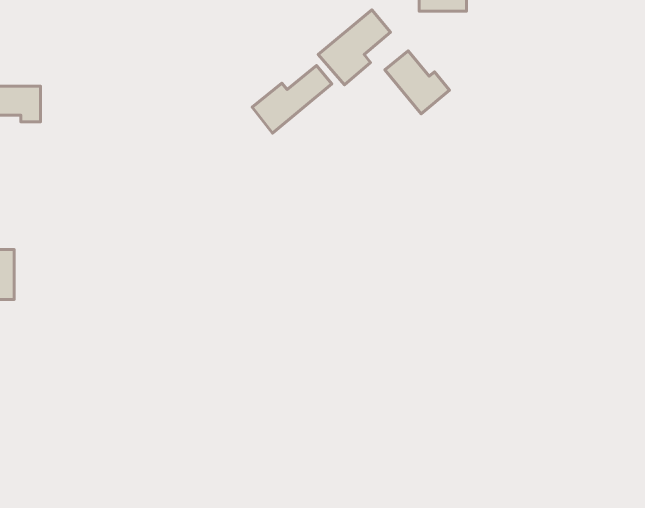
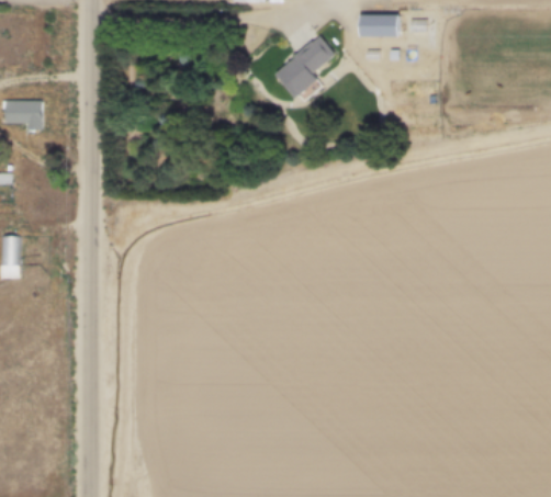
building: [385,51,450,114] -> none
building: [252,66,332,133] -> none

